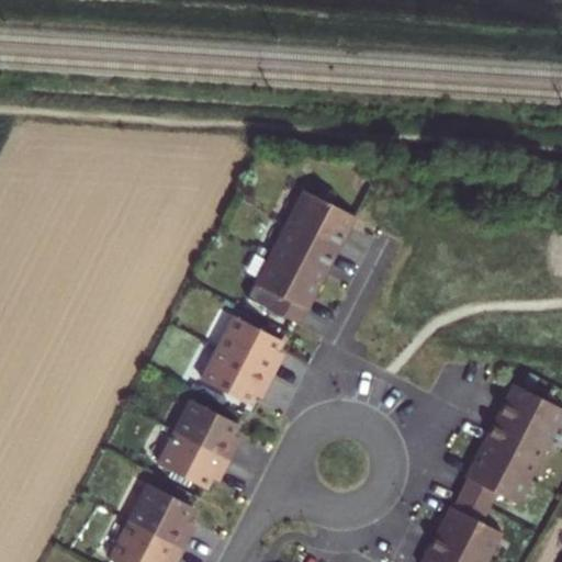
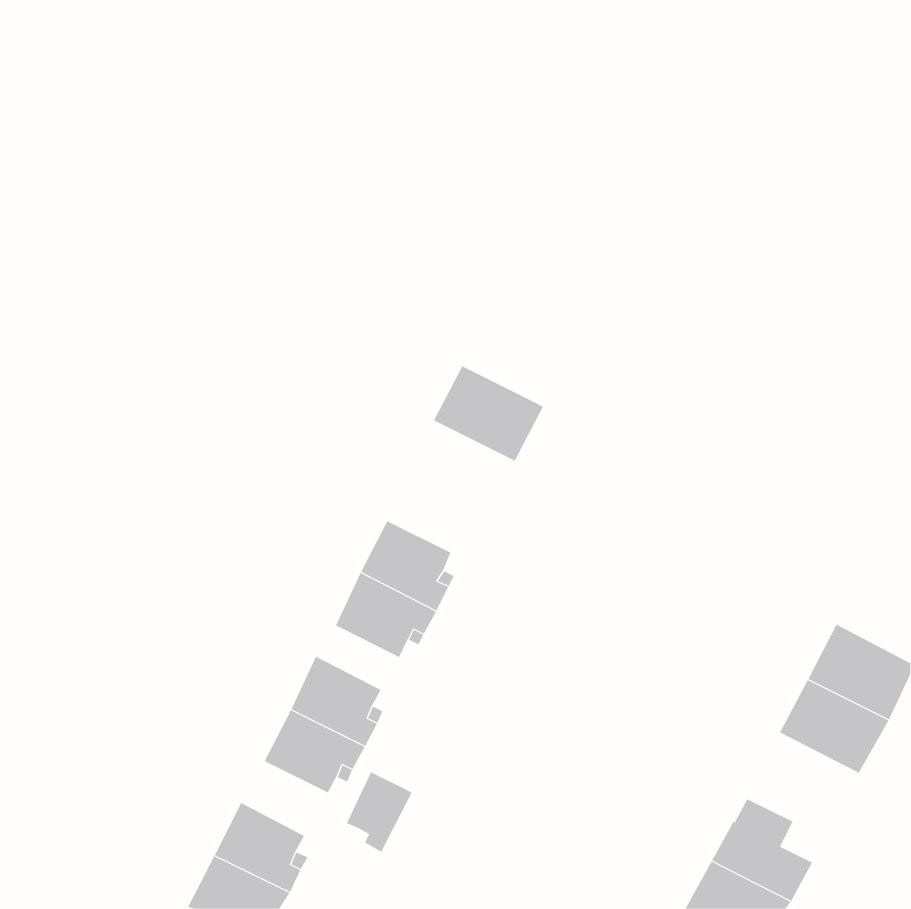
building: [284,191,352,250] -> none
building: [254,259,317,324] -> none
building: [460,451,529,506] -> none
building: none -> [346,771,412,852]

